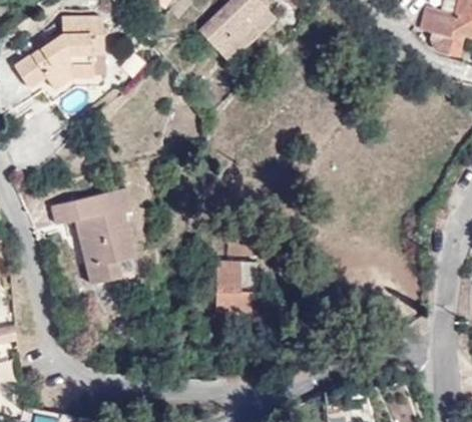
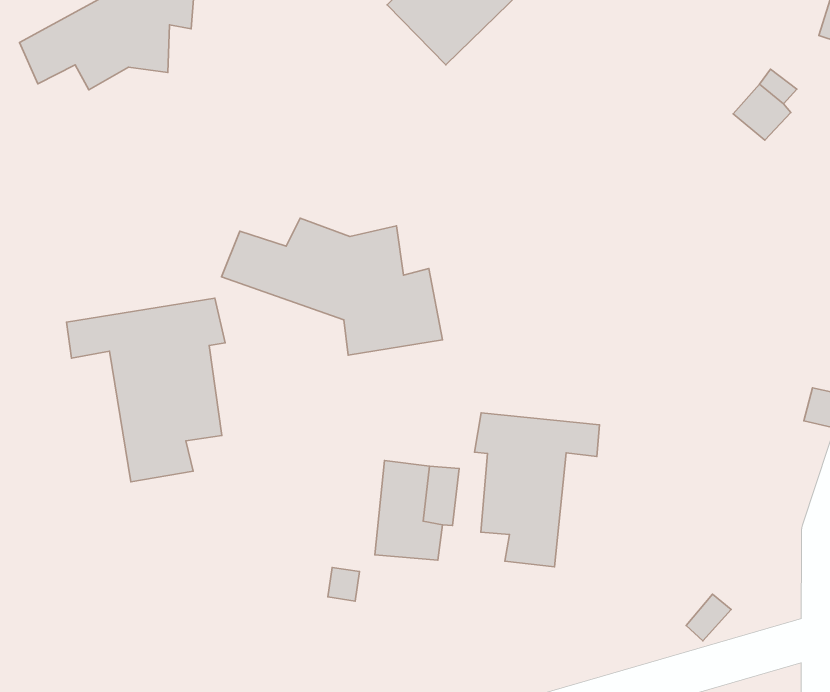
building: none -> [222,218,442,355]
building: none -> [475,413,599,567]

